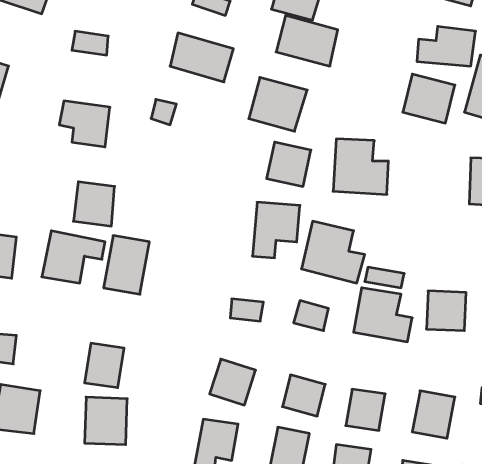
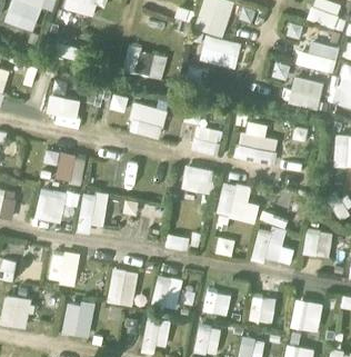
building: [249,77,307,131] -> [127,100,168,138]
building: none -> [108,268,138,306]

